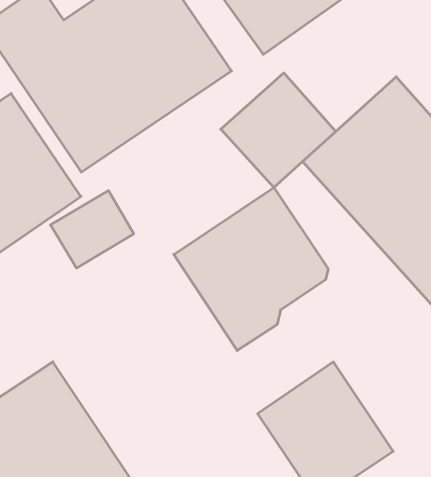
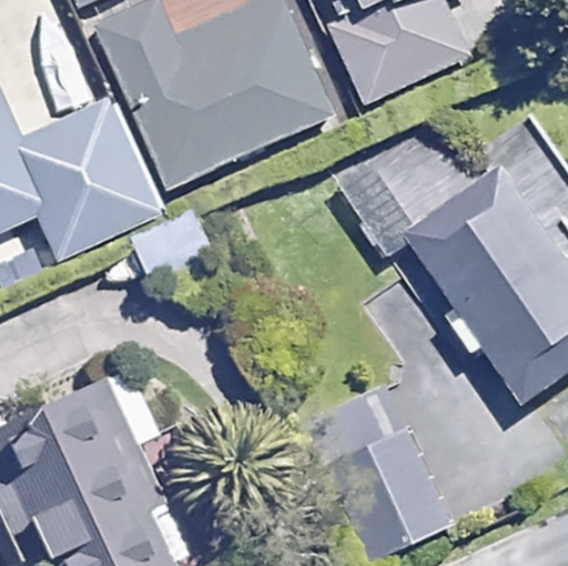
building: [174,188,328,351] -> none

